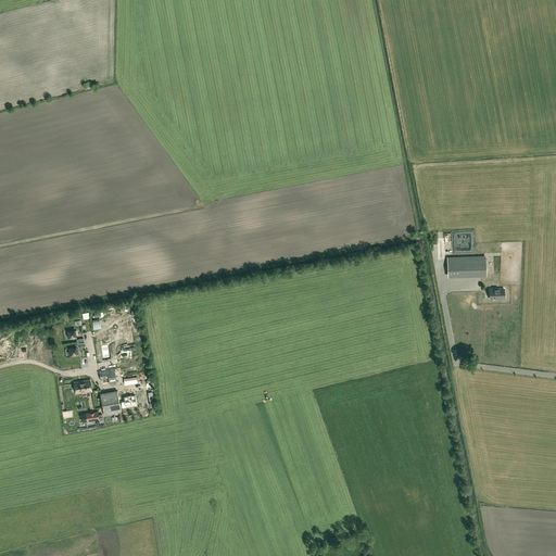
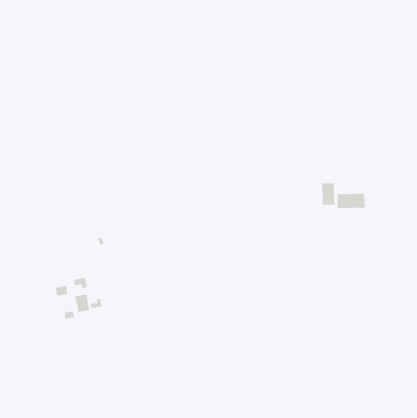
building: none -> [322,182,335,205]

